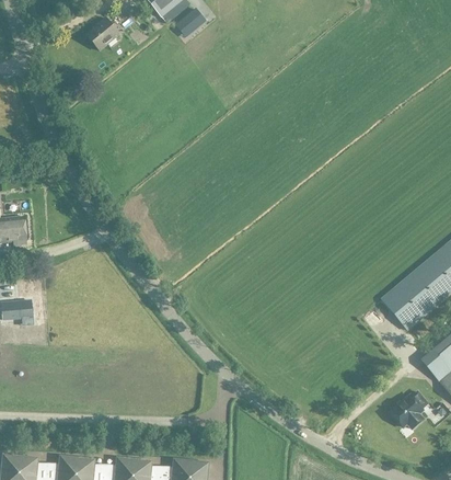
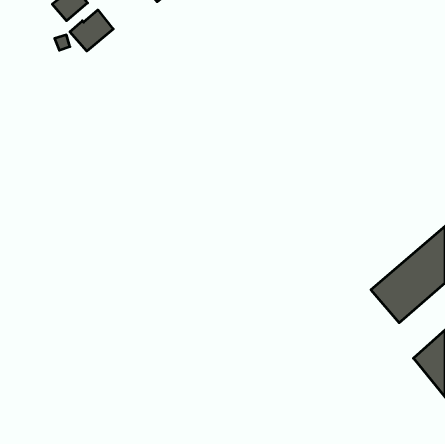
building: none -> [70,10,113,51]
building: [390,391,425,428] -> none

